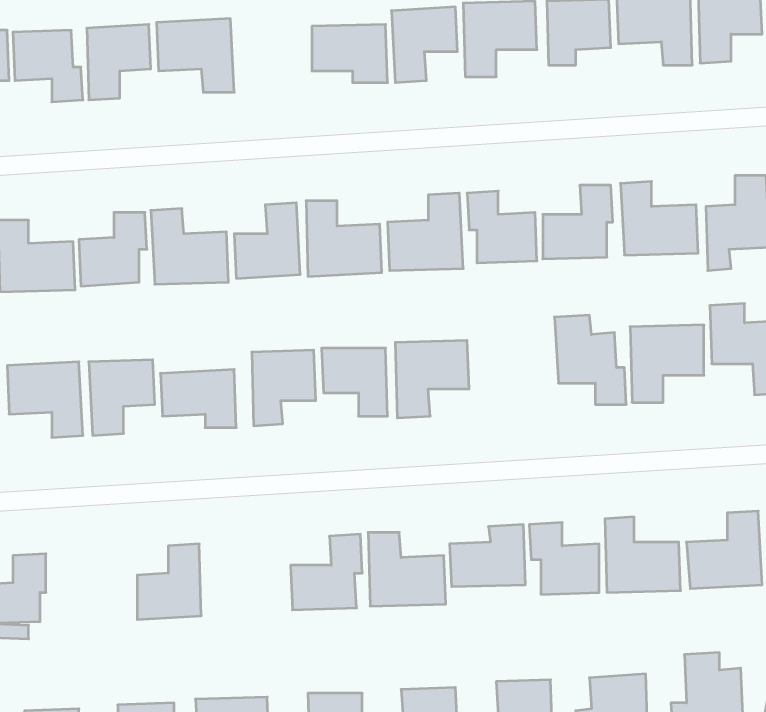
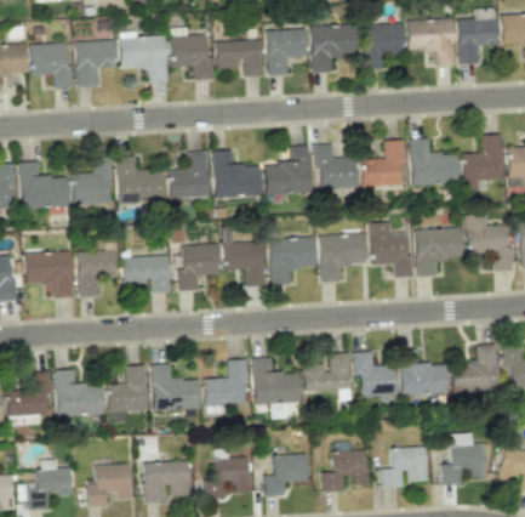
building: none -> [171,35,215,80]
building: none -> [320,234,366,283]
building: none -> [152,364,200,410]
building: none -> [56,370,104,417]

